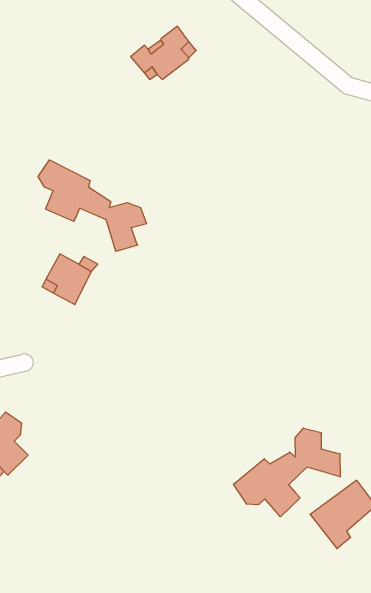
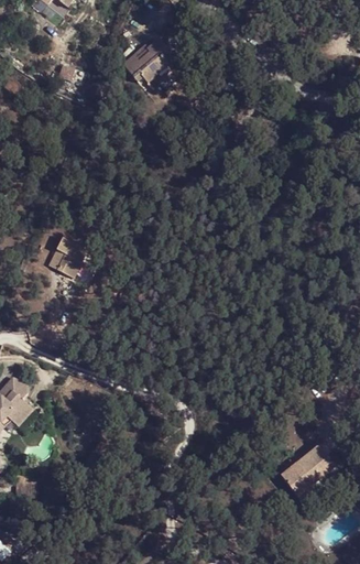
building: [38,160,146,251] -> none
building: [233,428,340,517] -> none

